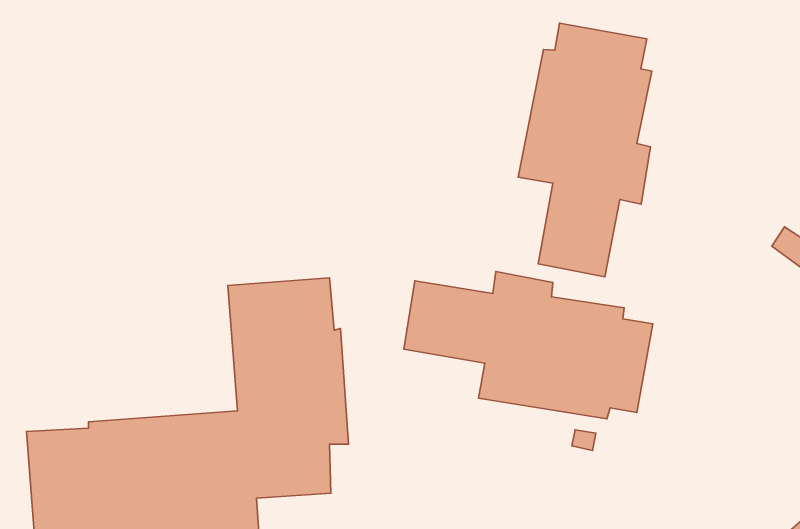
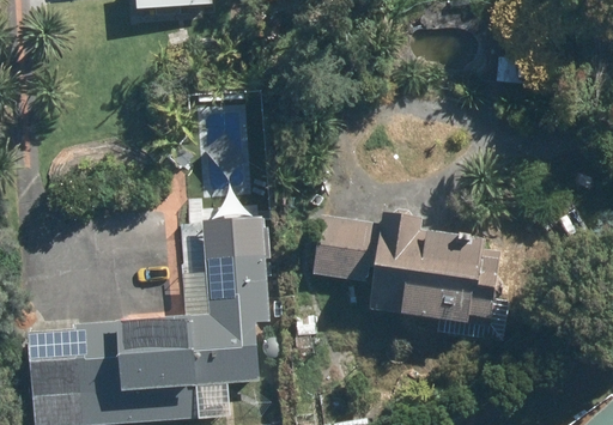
building: [518,23,652,277] -> none

